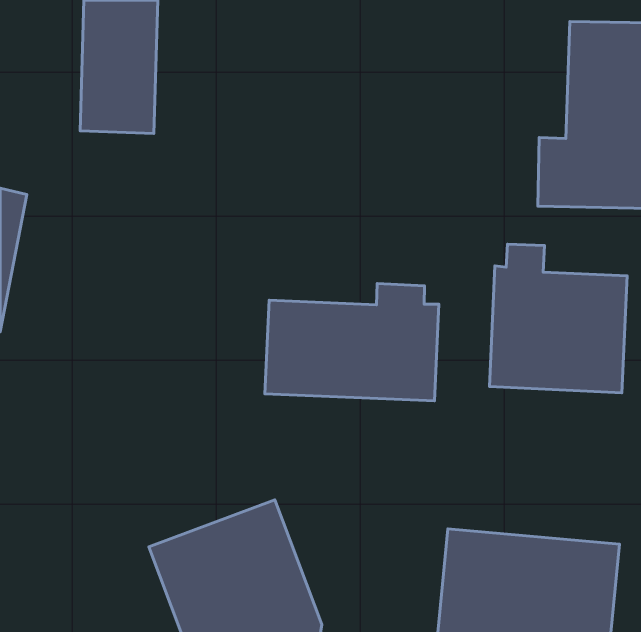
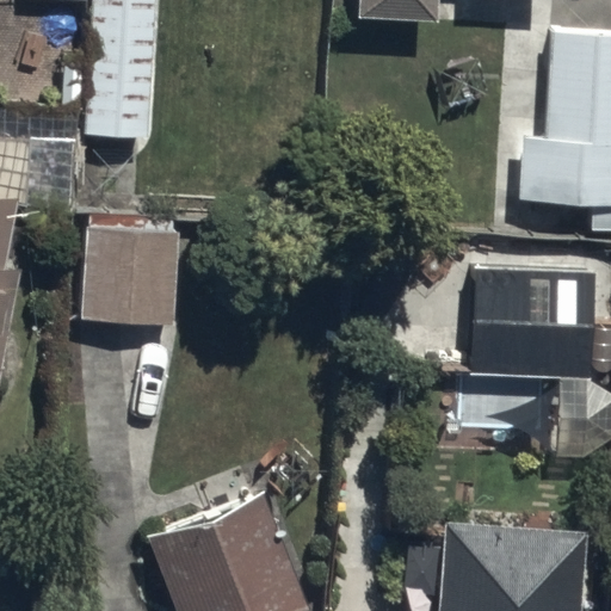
building: none -> [84,237,173,333]
building: [265,283,439,401] -> none

